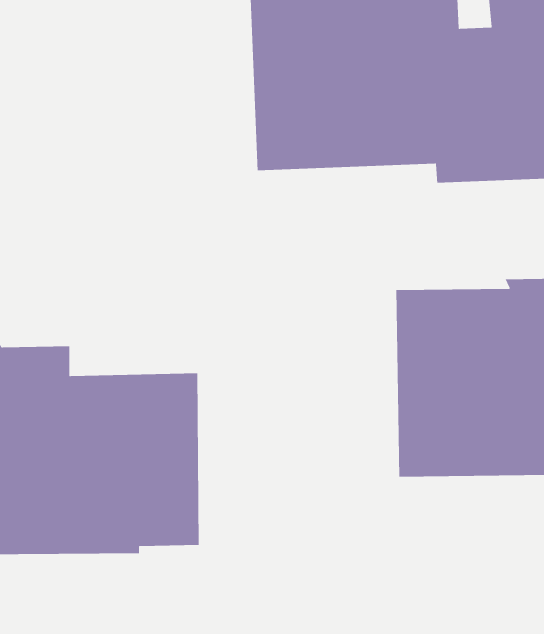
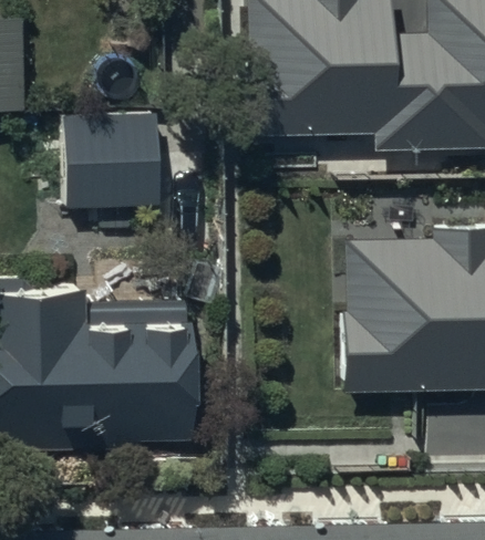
building: none -> [60,117,162,214]

